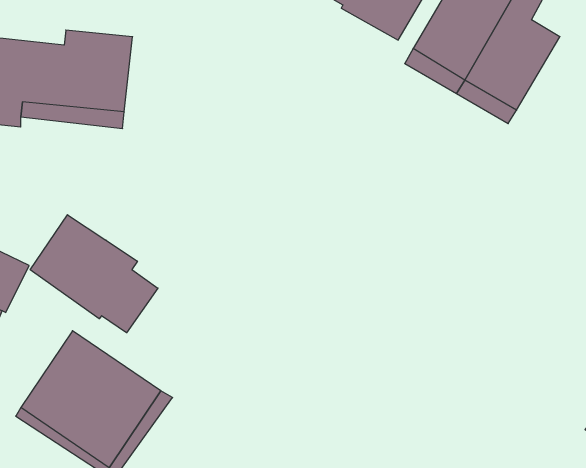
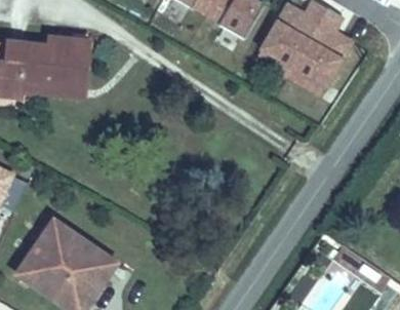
building: [30,215,158,333] -> none

